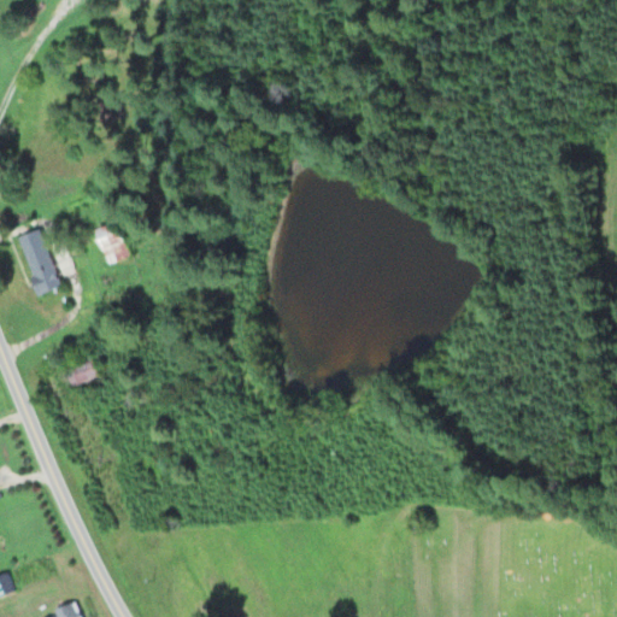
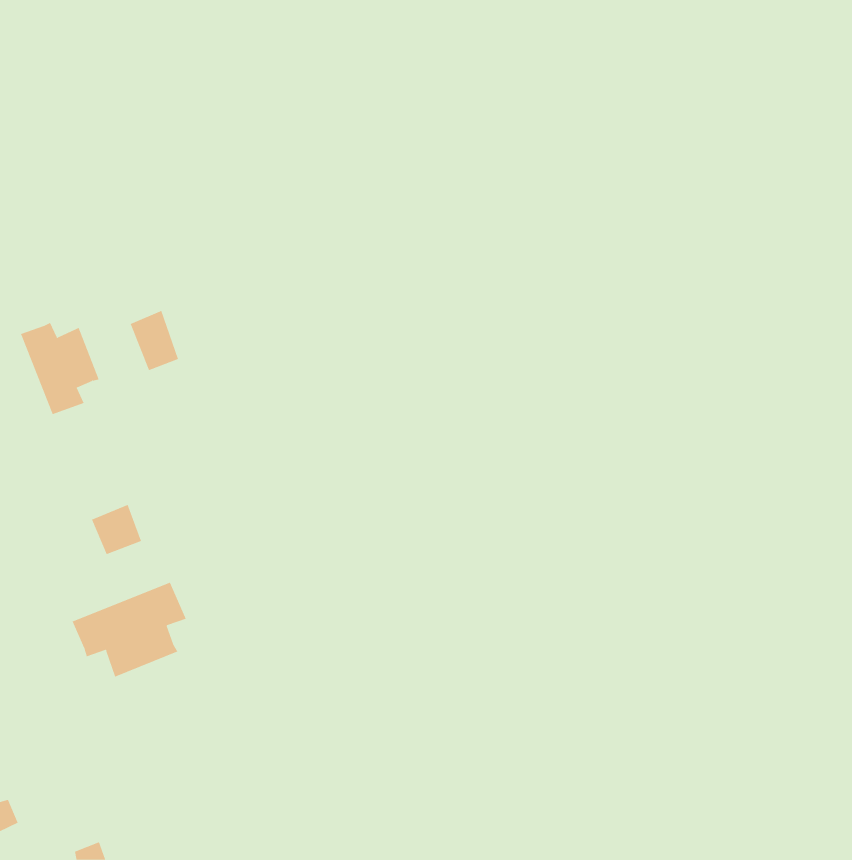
building: none -> [72,582,186,678]

